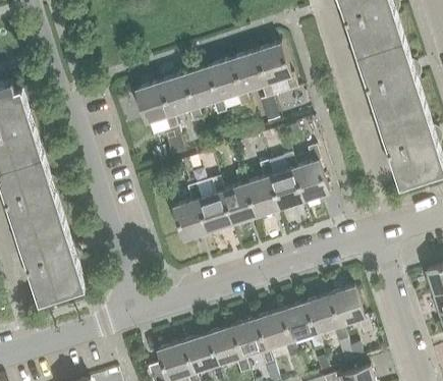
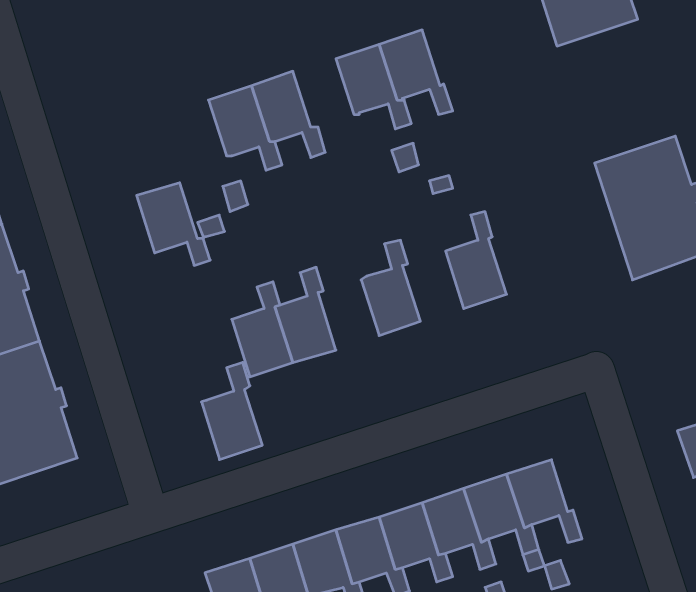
building: [354,39,422,120] -> none
building: [205,61,247,109] -> none
building: [132,85,174,131] -> [137,183,210,265]
building: [267,156,301,210] -> none
building: [219,171,254,226] -> [201,362,262,460]

